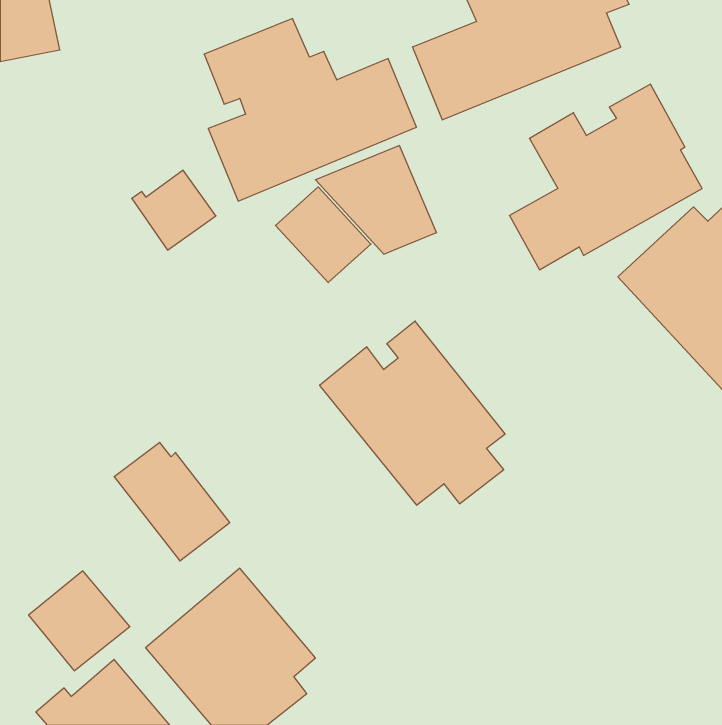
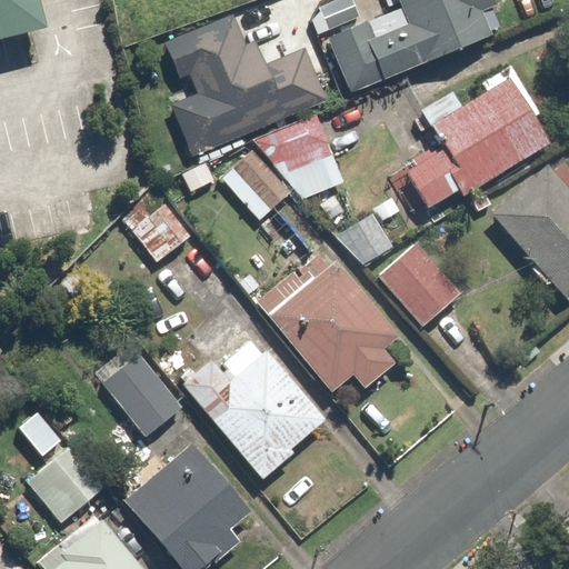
building: [132,170,216,250] -> [128,200,193,262]
building: none -> [335,209,395,264]
building: none -> [375,239,462,328]
building: none -> [179,336,326,482]

